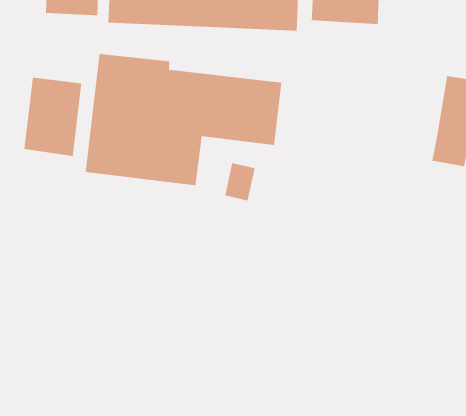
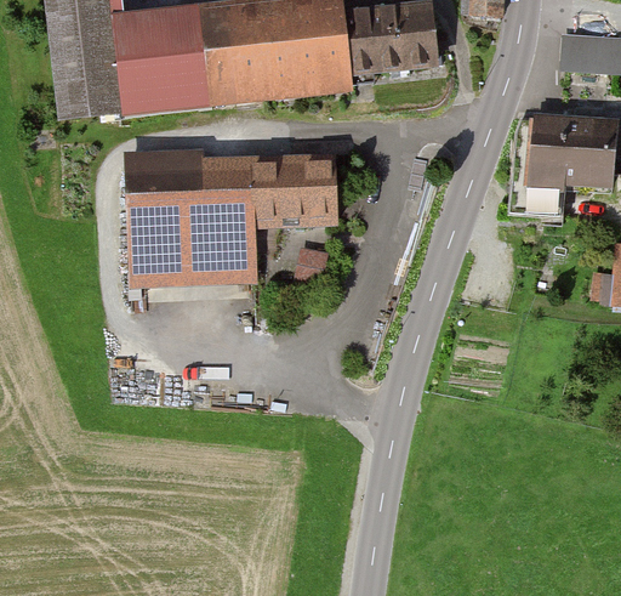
building: [24,77,82,157] -> none

